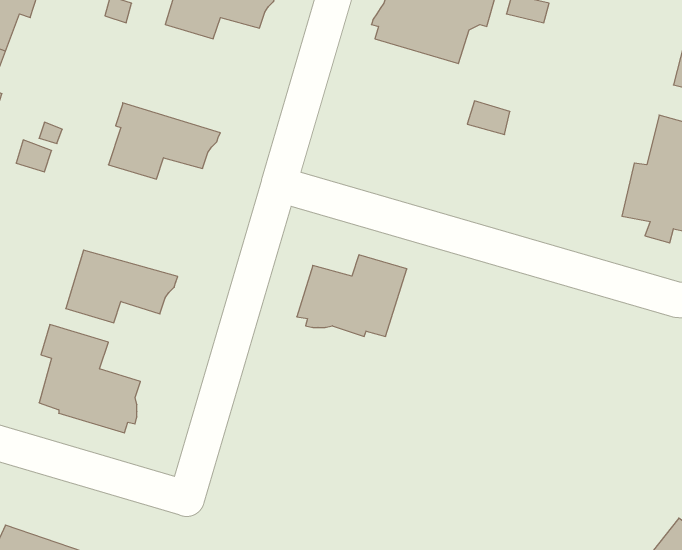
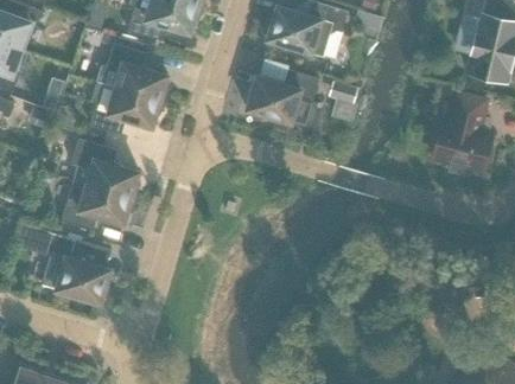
building: none -> [96,44,167,103]
building: none -> [71,139,139,199]
building: [297,255,407,336] -> [246,69,319,123]

